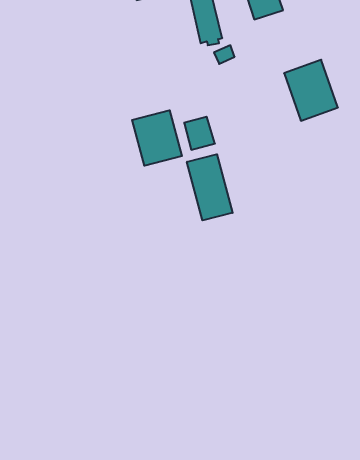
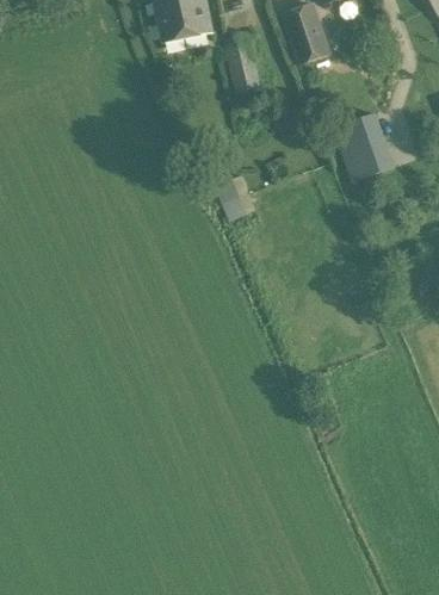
building: [132,110,182,166] -> none
building: [187,154,233,220] -> none

